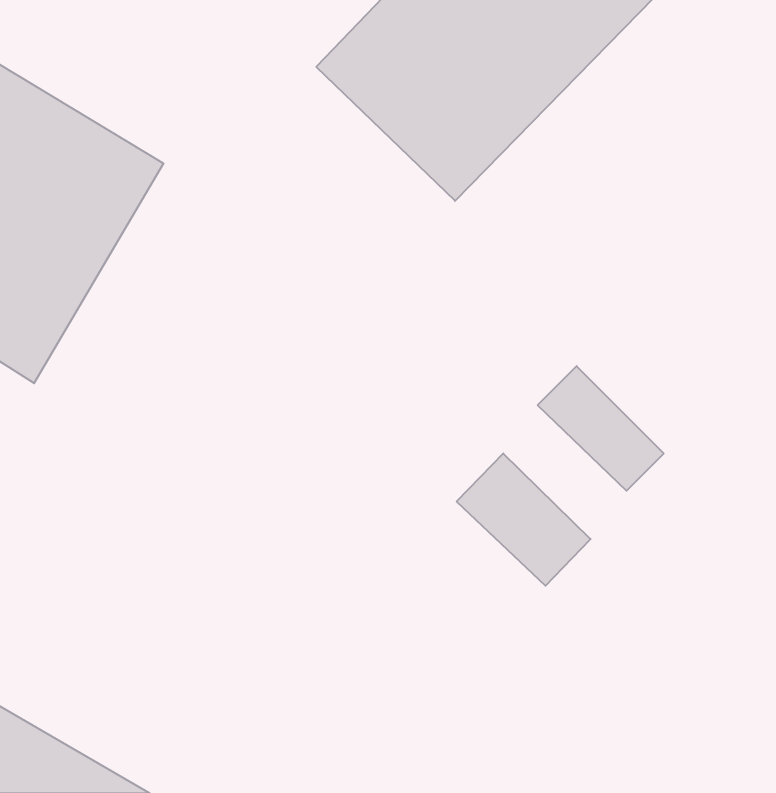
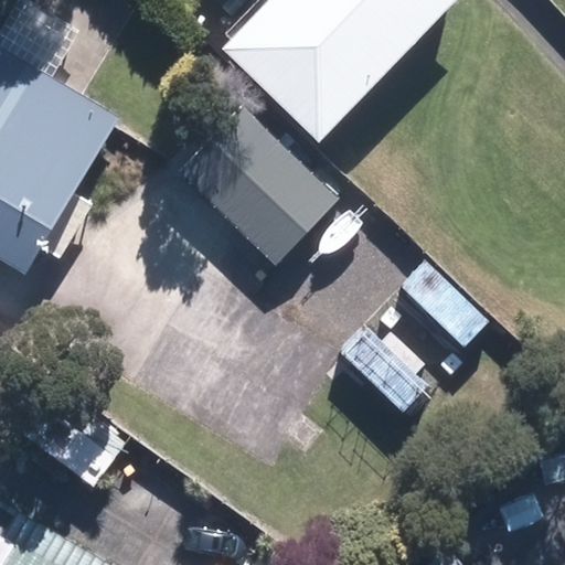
building: none -> [175,104,337,264]

